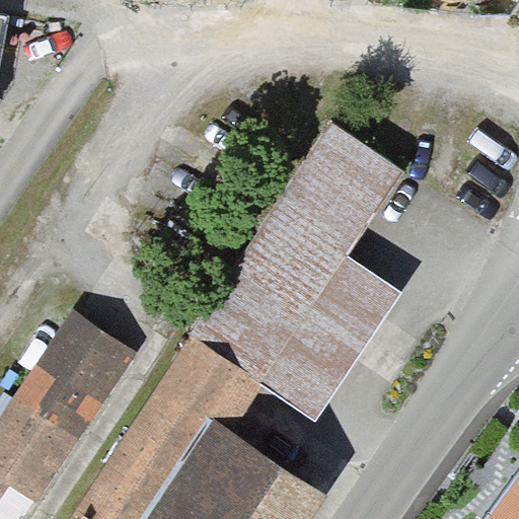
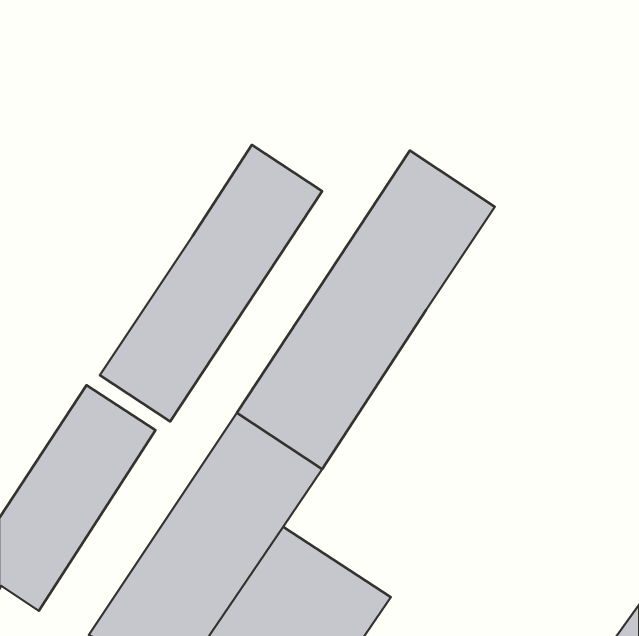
building: none -> [100,145,322,422]
building: [261,254,403,423] -> none

